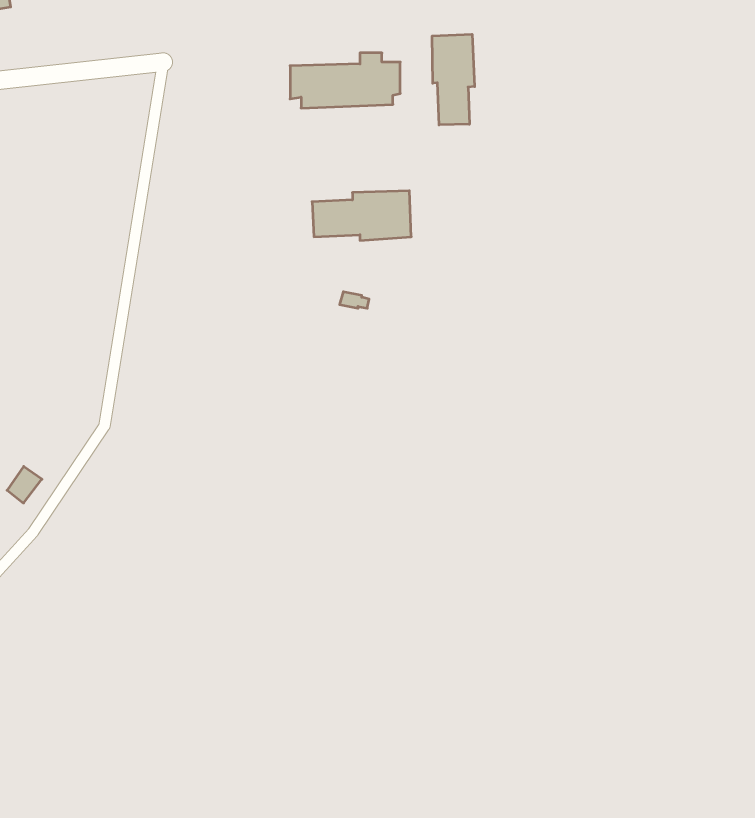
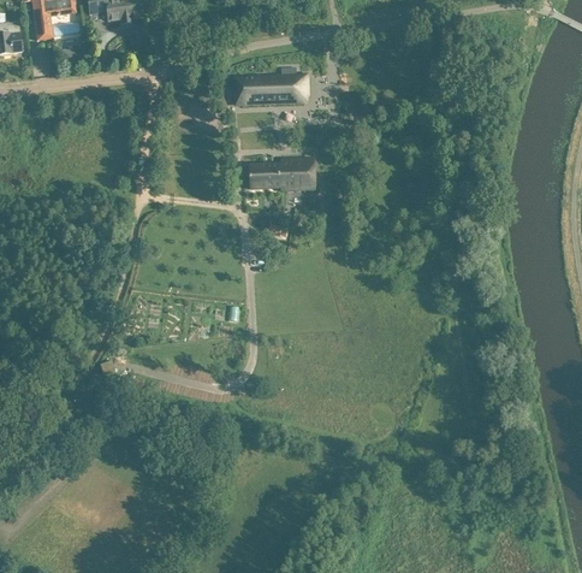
building: [432,34,475,125] -> none

